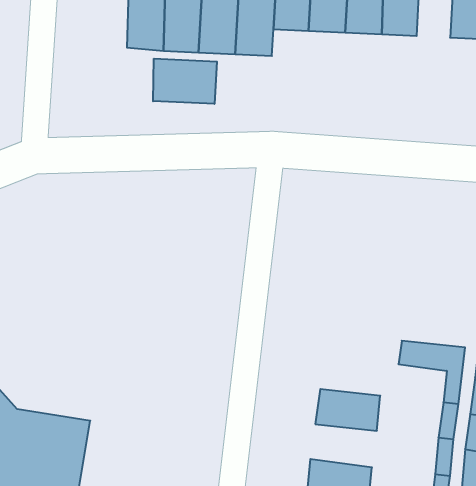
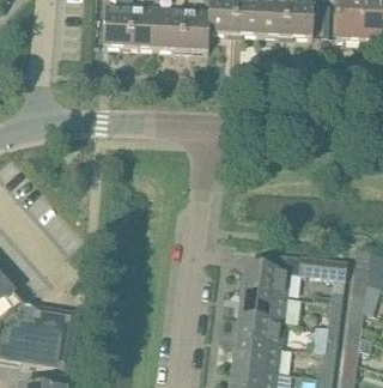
building: [153,59,217,104] -> none
building: none -> [242,263,288,295]
building: none -> [235,315,282,346]

